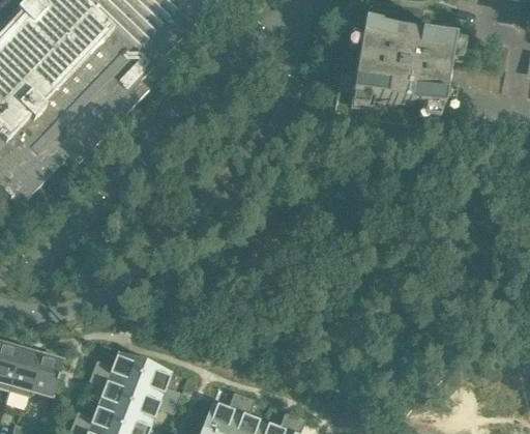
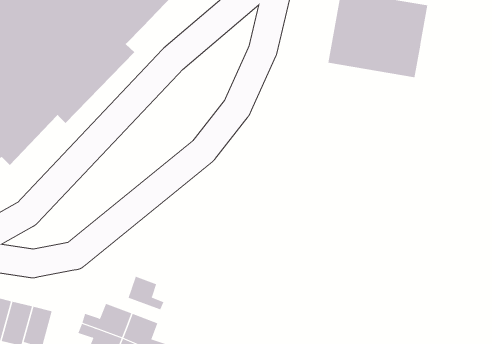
building: none -> [128,276,164,310]

